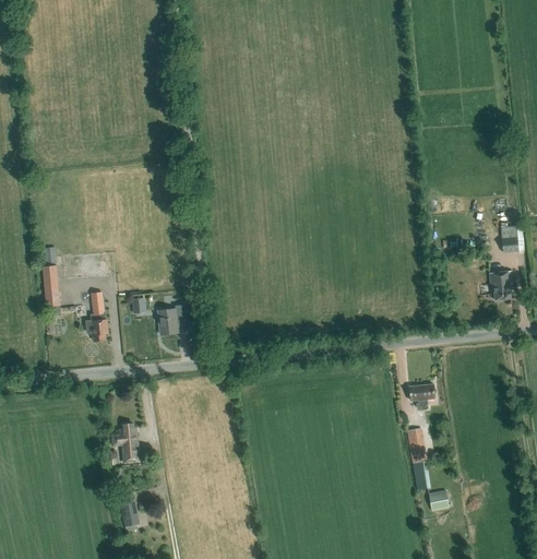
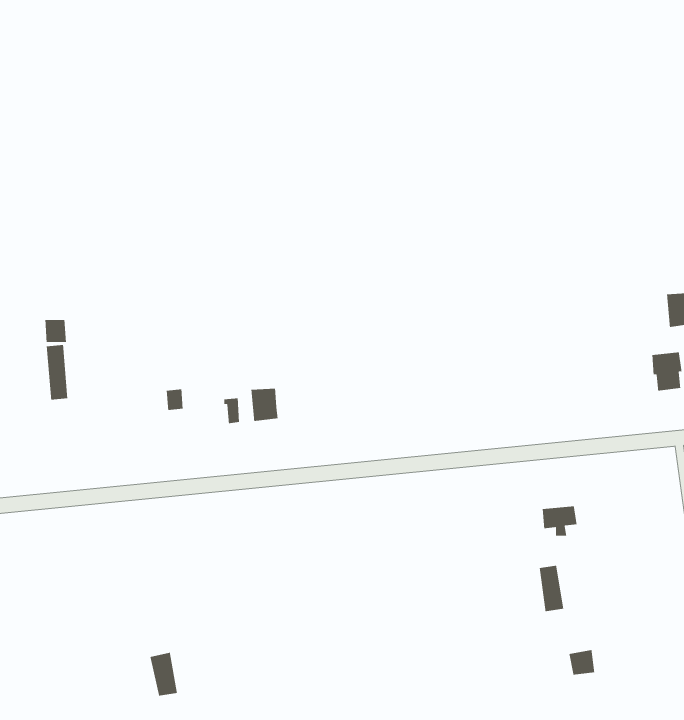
building: [87,292,108,341] -> none
building: [157,310,178,335] -> [251,388,279,422]
building: [110,423,136,462] -> none

